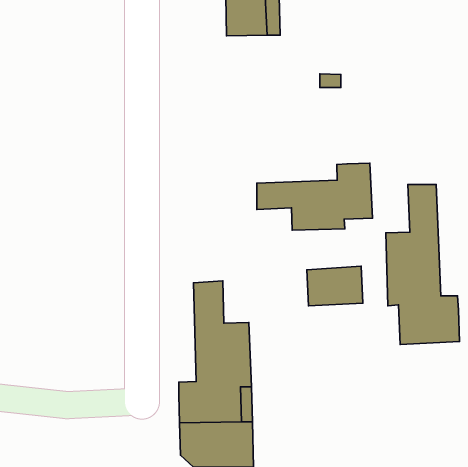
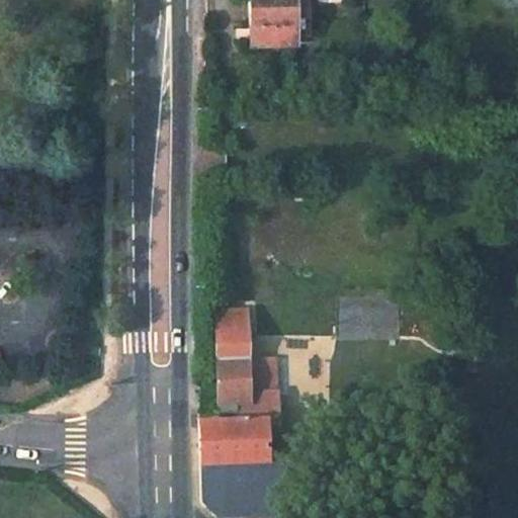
building: [257,163,373,230] -> none
building: [386,185,460,344] -> none

